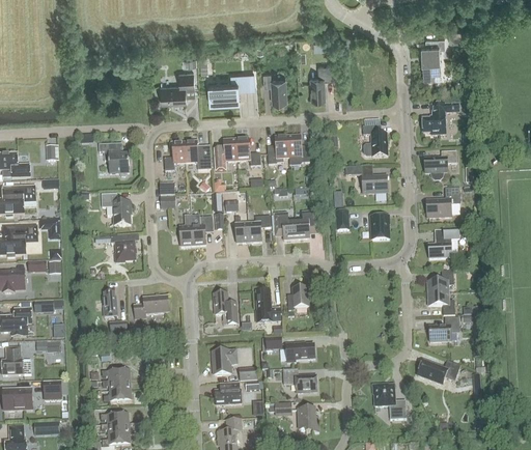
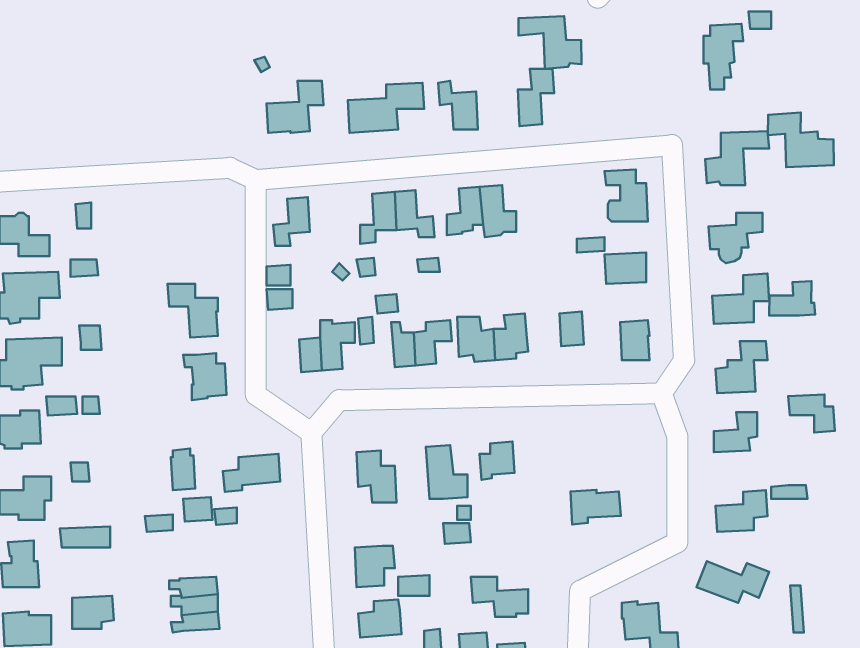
building: none -> [518,16,582,69]
building: none -> [768,112,834,167]
building: [185,140,212,169] -> none
building: [99,143,129,175] -> none
building: none -> [769,281,815,316]
building: [427,292,455,315] -> [788,394,835,433]
building: [285,342,315,363] -> [570,490,621,524]

